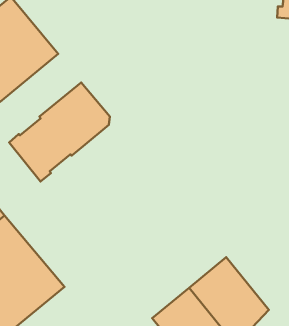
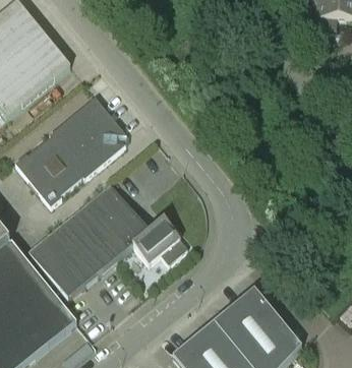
building: none -> [27,182,187,297]

